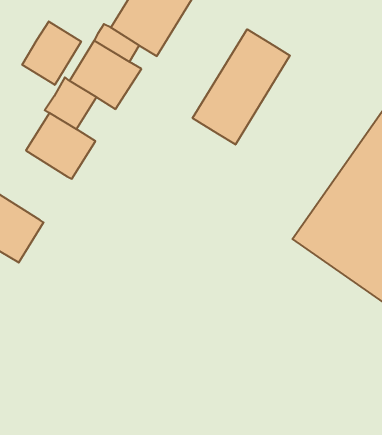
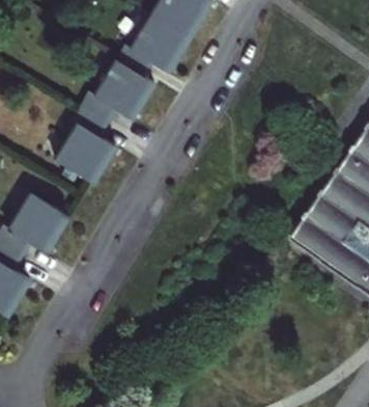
building: [22,21,81,85] -> none
building: [193,29,290,145] -> none

